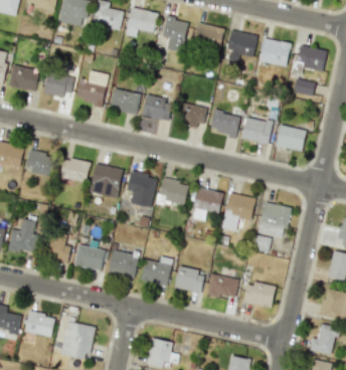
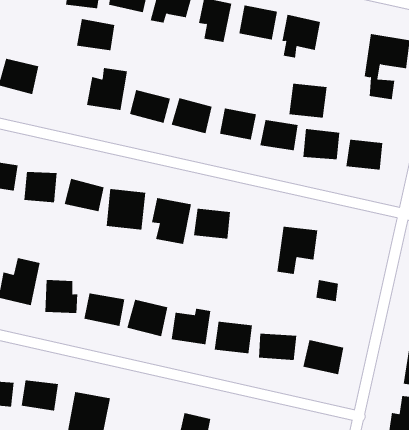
building: [260,38,290,65] -> [288,83,328,118]
building: [43,71,73,97] -> [76,18,115,51]
building: [191,187,222,220] -> none
building: [257,202,292,236] -> none

